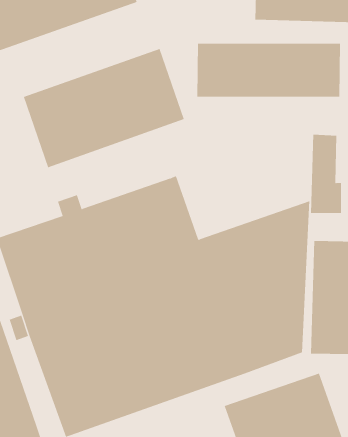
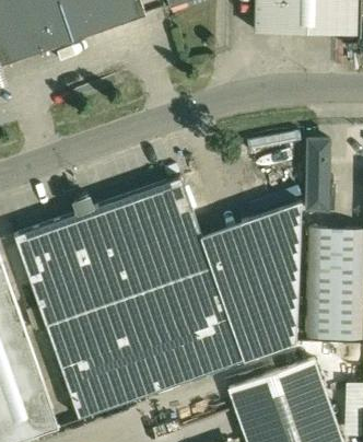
building: [197,43,341,98] -> none
building: [23,48,184,168] -> none

